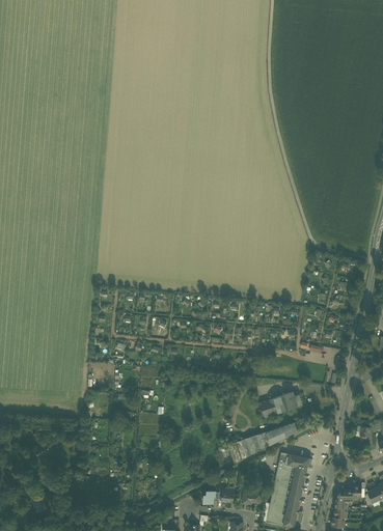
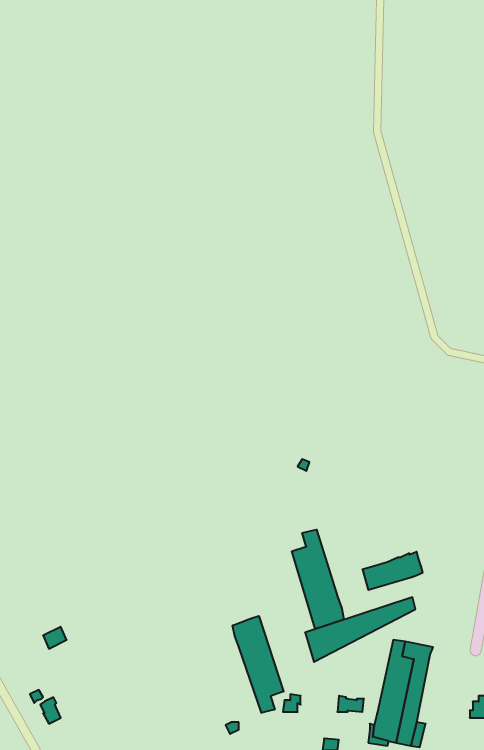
building: none -> [292,530,344,629]
building: none -> [233,616,284,713]

